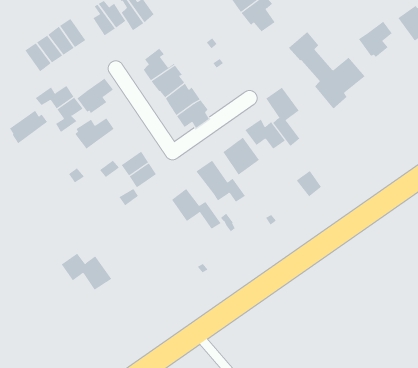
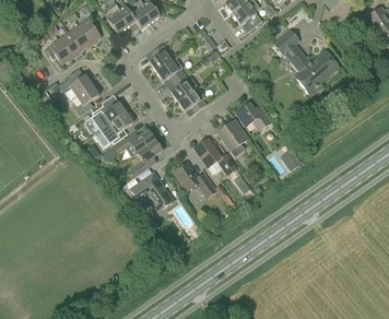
building: [358,21,393,58] -> none
building: [76,78,114,114] -> [101,111,132,142]
building: [265,87,300,147] -> none
building: [9,110,48,144] -> none
building: [61,253,112,290] -> [129,178,173,210]

